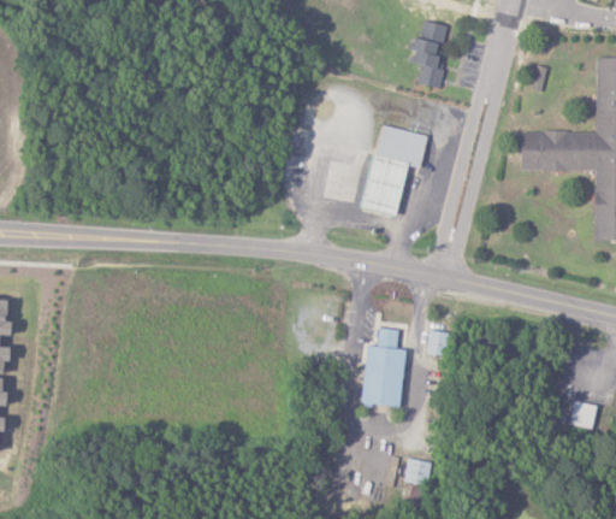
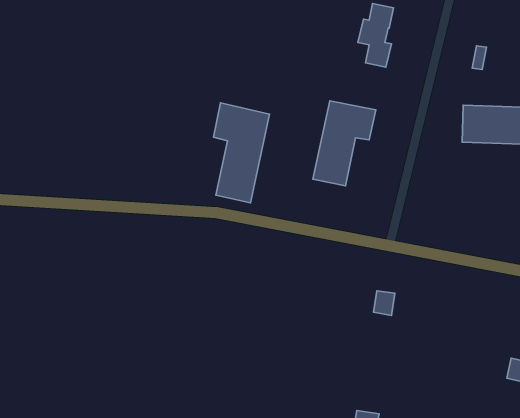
building: none -> [214,103,269,203]
building: [362,326,407,406] -> none

